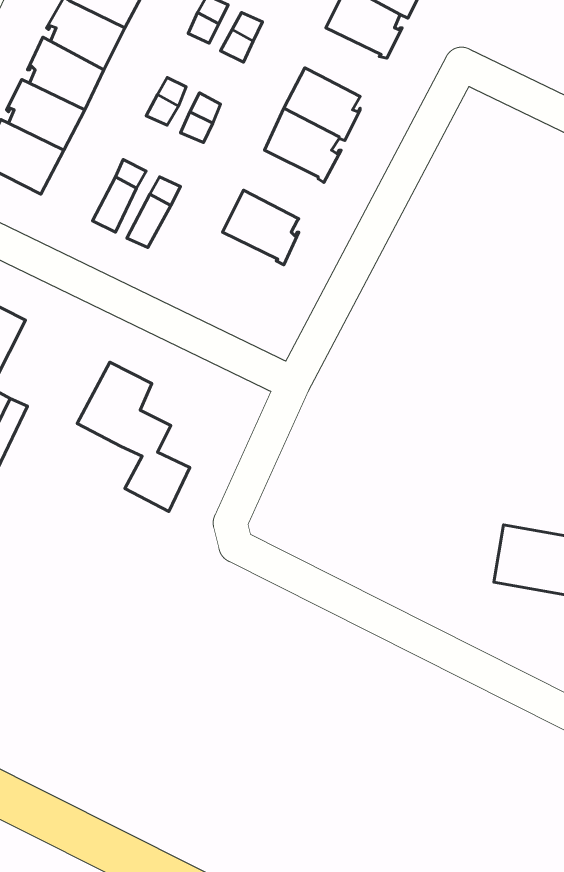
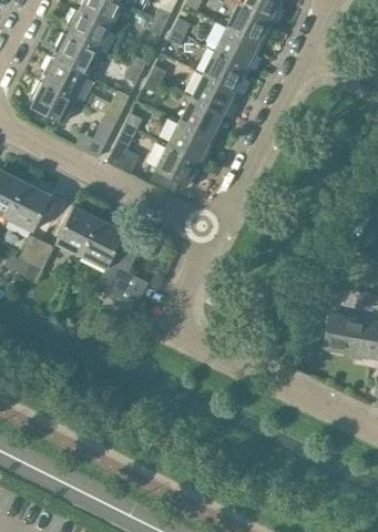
building: none -> [214,27,258,69]
building: none -> [178,98,223,140]
building: none -> [149,145,198,192]
building: none -> [57,207,101,256]

